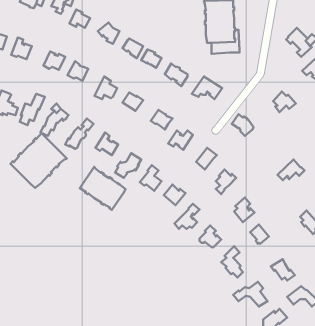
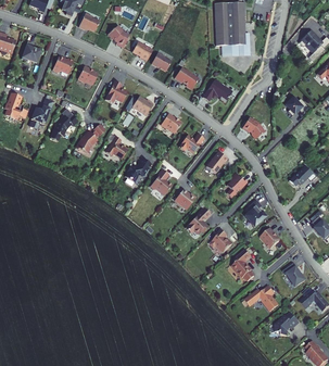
building: [11,133,67,188] -> none
building: [80,167,126,210] -> none

